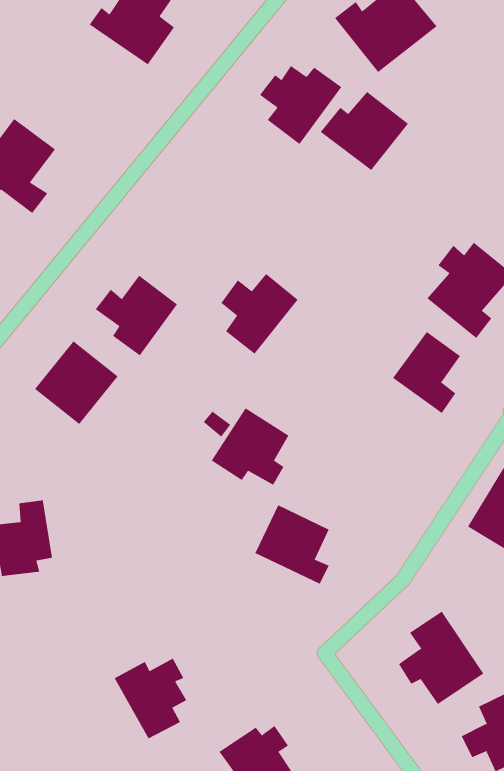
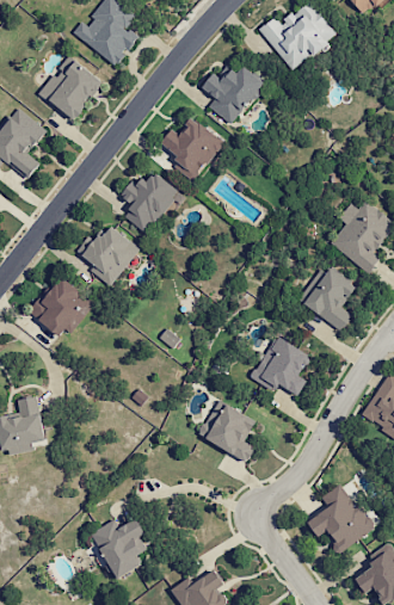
building: none -> [39,55,103,119]
building: [320,91,409,171] -> [156,117,224,178]
building: [220,273,299,355] -> [121,172,180,234]
building: [211,407,289,486] -> [251,335,310,395]

